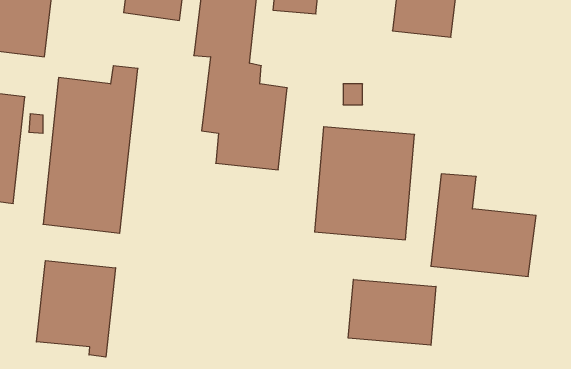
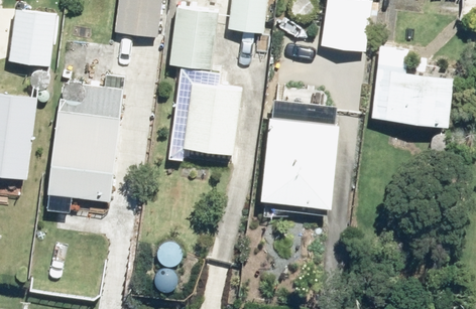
building: [431,174,536,276] -> [372,46,454,126]
building: [36,261,116,357] -> none
building: [348,279,436,345] -> none

